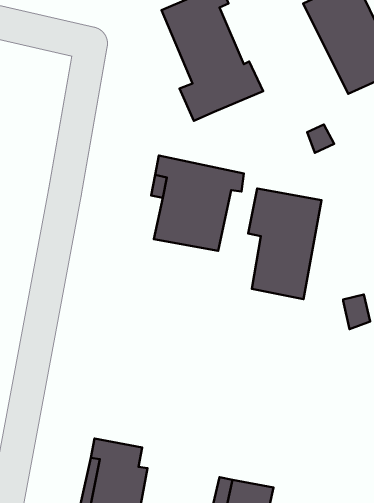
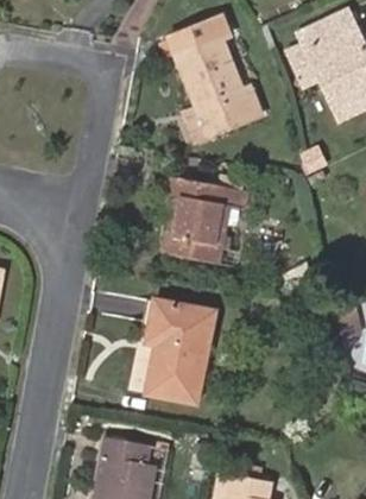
building: [248,189,321,299] -> [145,299,213,402]

